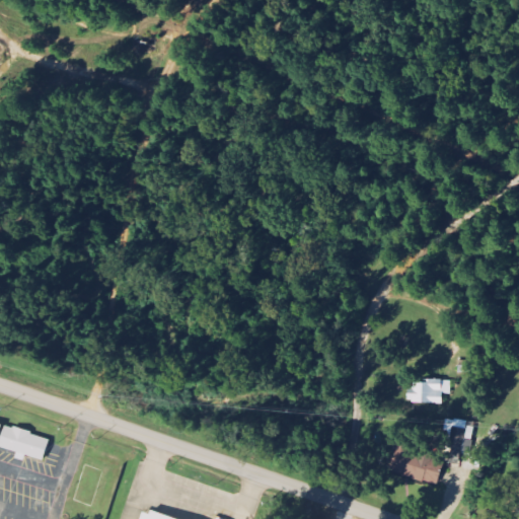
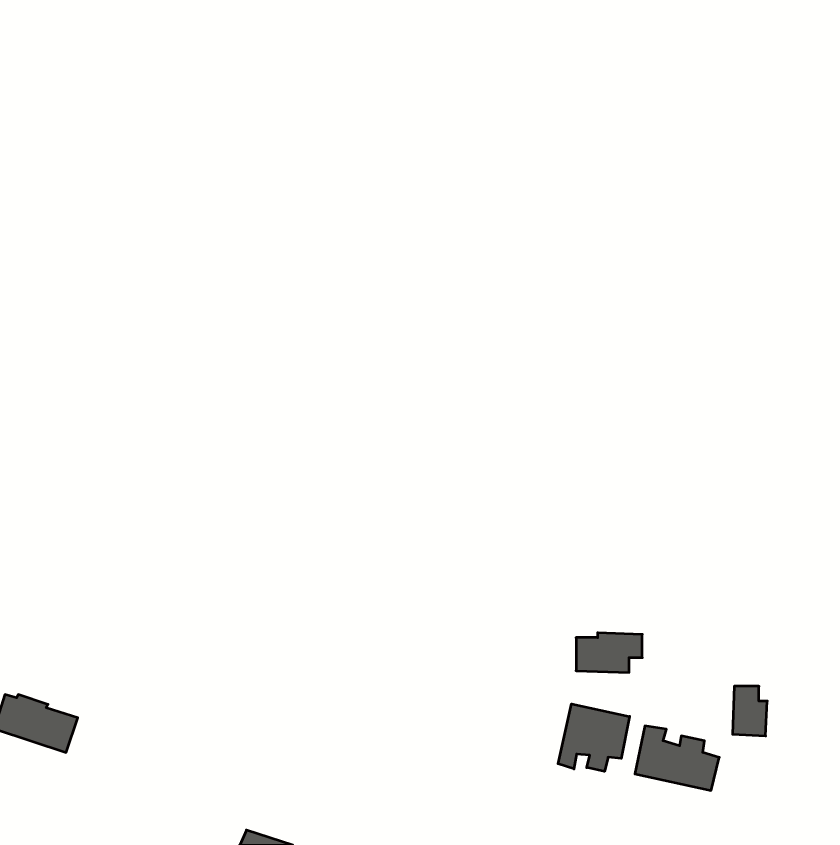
building: [409,380,449,404] -> [576,633,642,672]
building: none -> [558,704,630,771]

